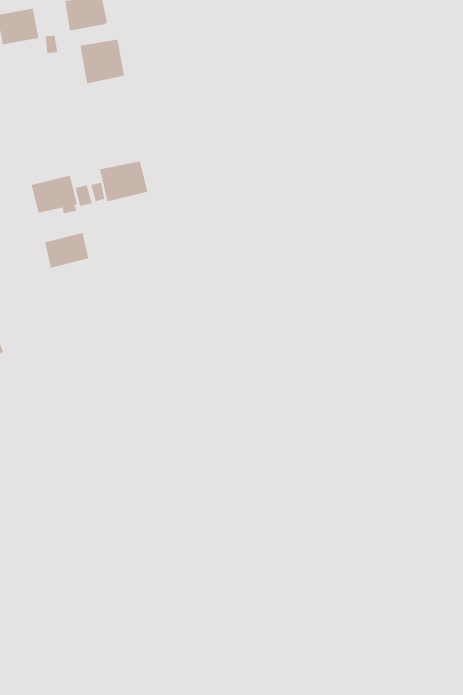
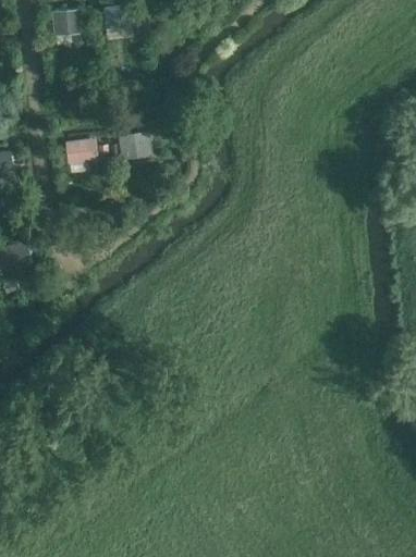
building: [80,39,124,84] -> none
building: [45,232,89,268] -> none

